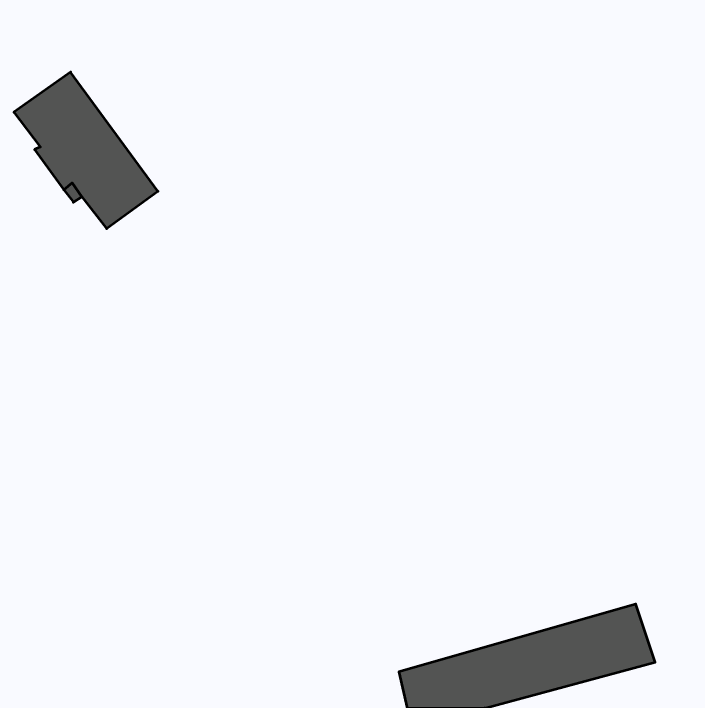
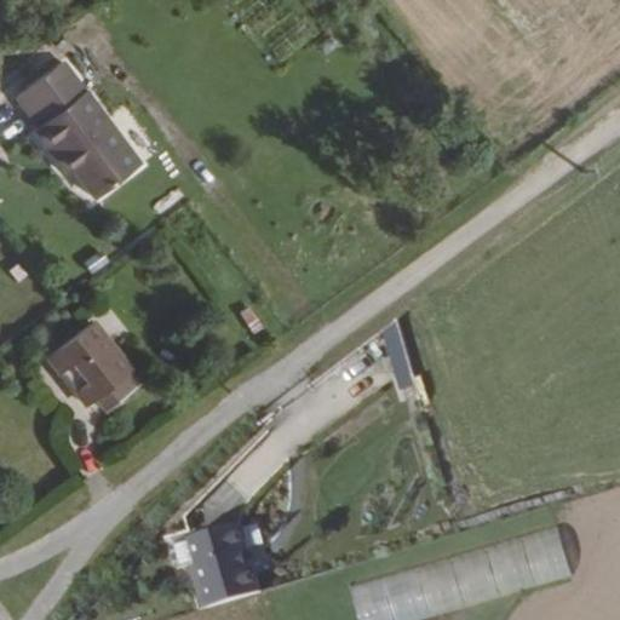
building: none -> [44,320,137,409]
building: none -> [191,516,264,601]

